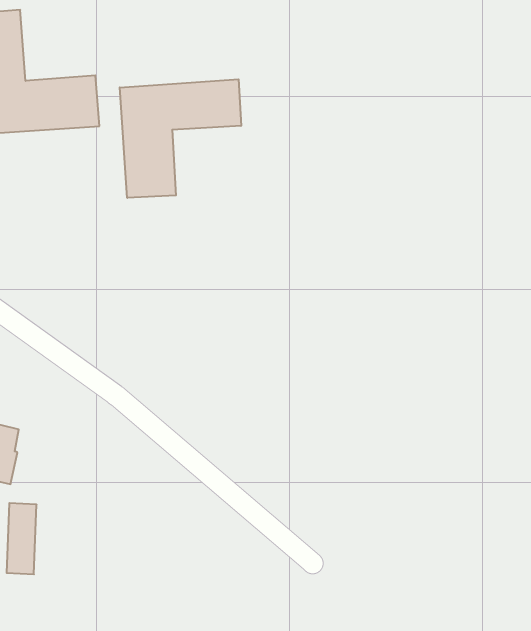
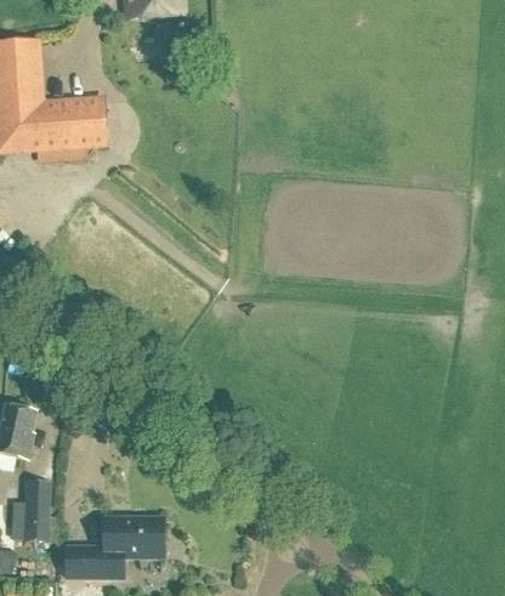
building: [120,79,241,198] -> none
building: none -> [62,520,163,579]

